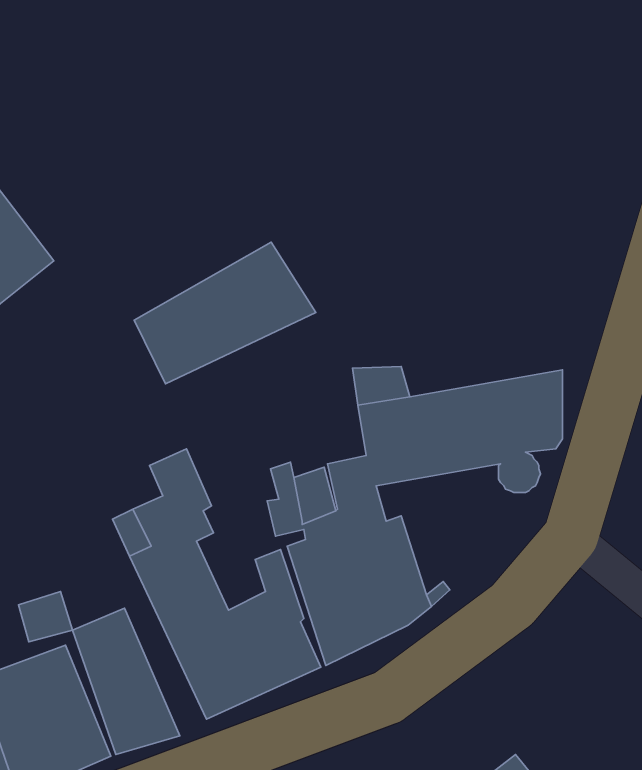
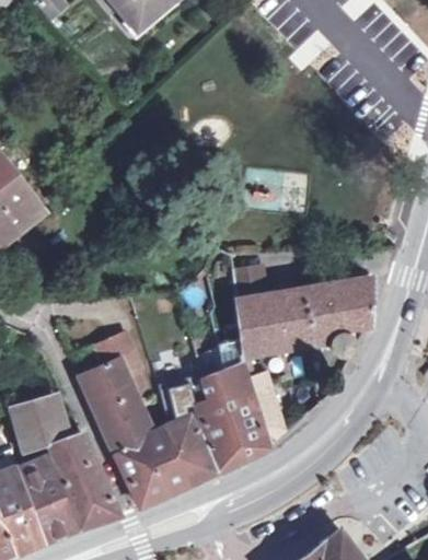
building: [134,242,316,384] -> none
building: none -> [9,397,61,432]

